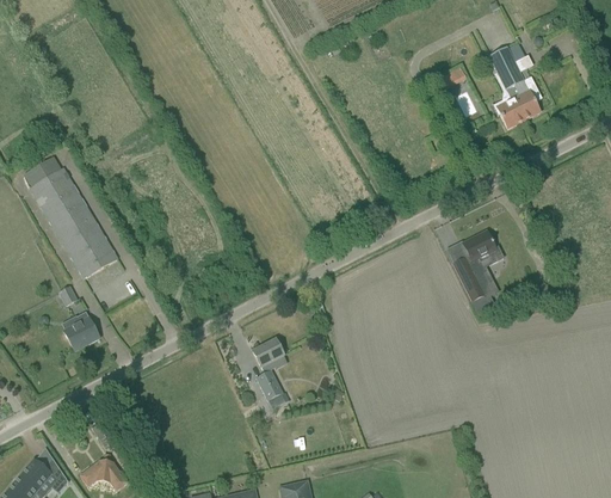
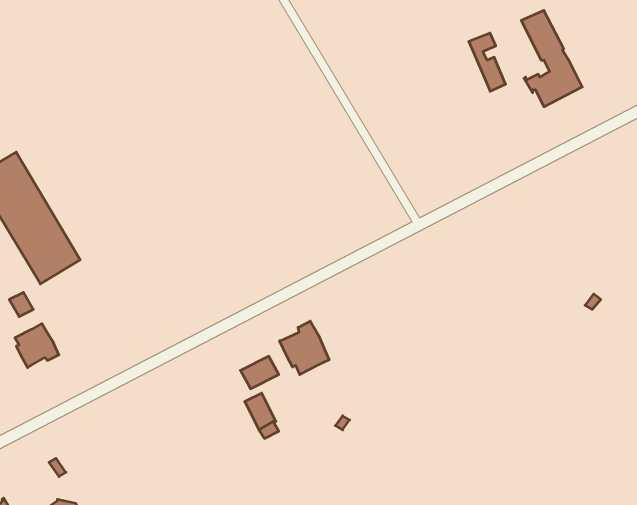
building: [453,233,504,302] -> none
building: none -> [280,321,329,375]

